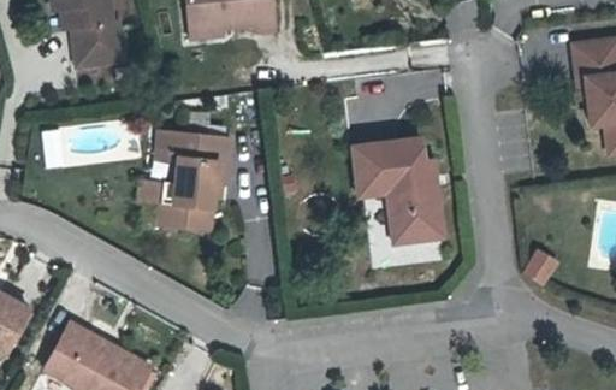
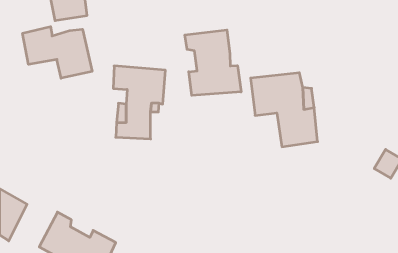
building: none -> [23,27,92,78]
building: none -> [185,30,241,95]

